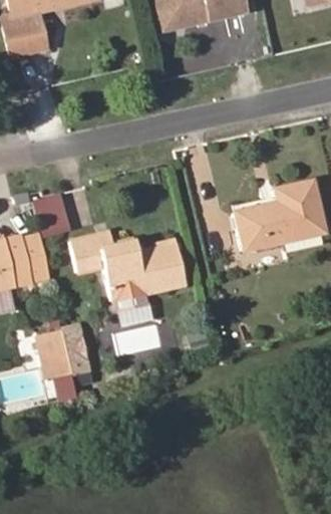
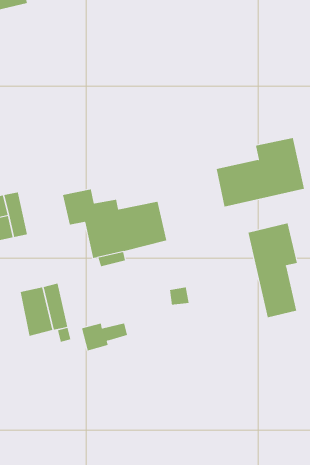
building: [37,192,71,233] -> none
building: none -> [248,223,297,318]
building: [114,328,160,356] -> [81,323,128,351]

